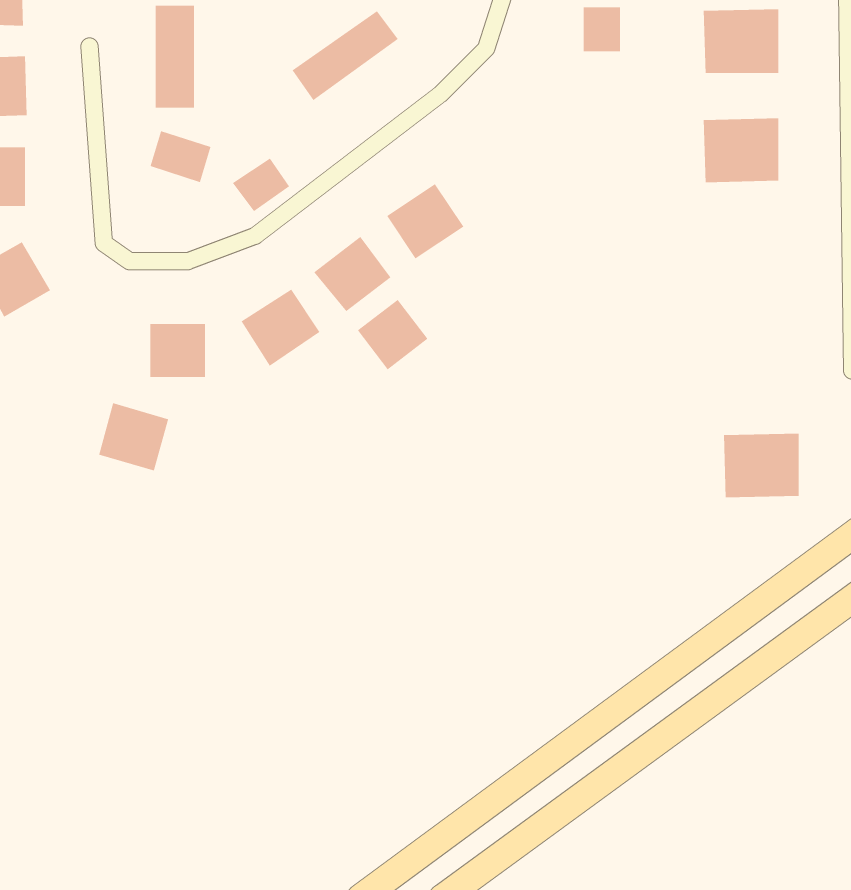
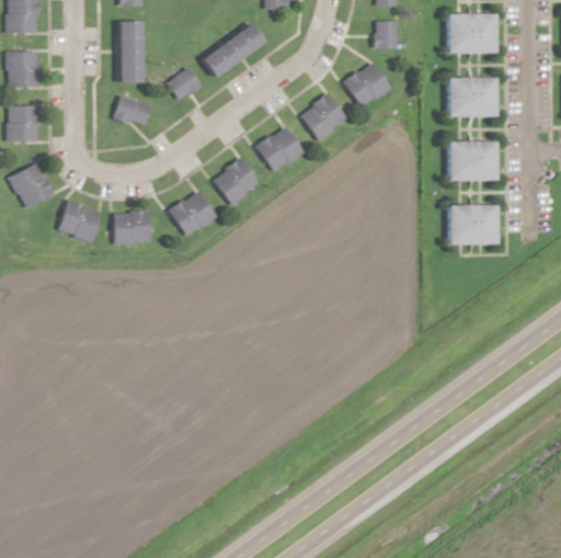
building: none -> [345,61,392,107]
building: none -> [301,93,348,140]
building: [232,158,290,212] -> [168,67,203,100]
building: none -> [448,149,494,189]
building: [357,299,429,370] -> none
building: [98,402,169,471] -> [59,200,102,241]
building: [723,433,800,498] -> [449,213,495,252]

